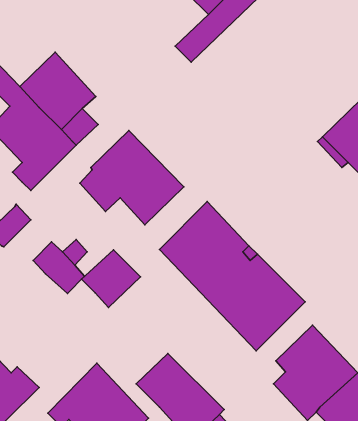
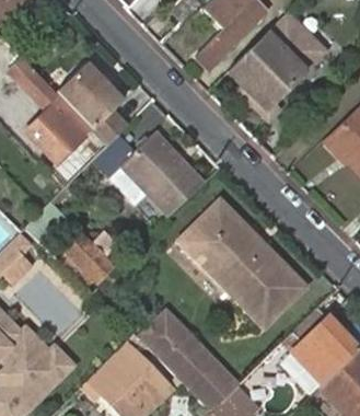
building: none -> [230,22,315,120]
building: [82,250,140,307] -> [136,308,188,359]

